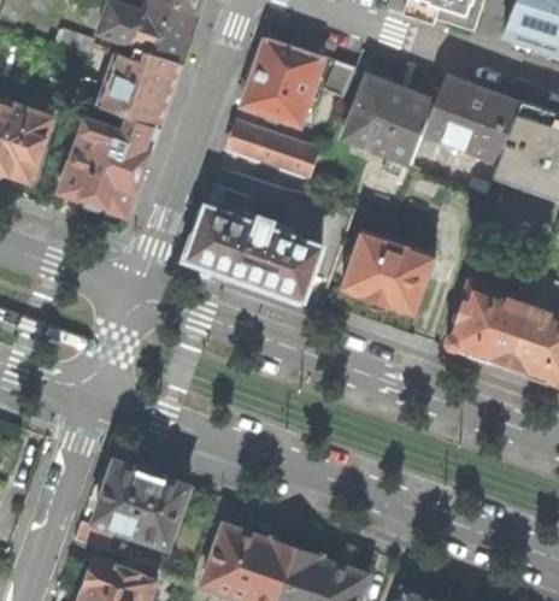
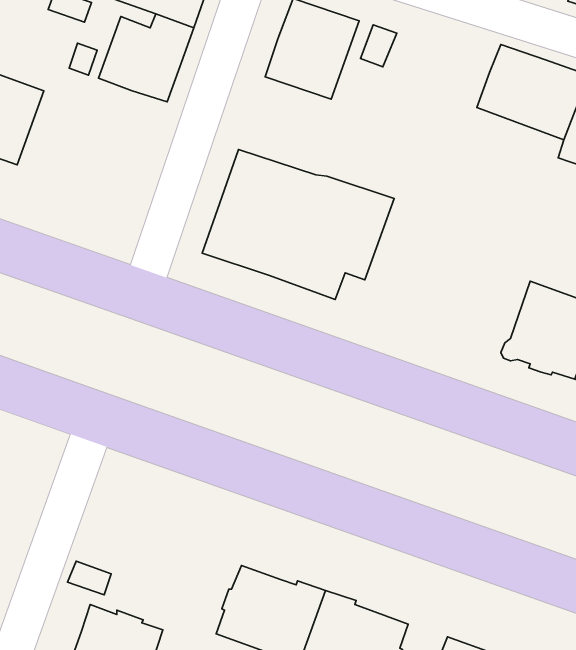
building: [343,77,435,163] -> none
building: [58,116,158,216] -> none
building: [225,122,319,179] -> none
building: [341,231,434,316] -> none
building: [92,462,187,547] -> none

